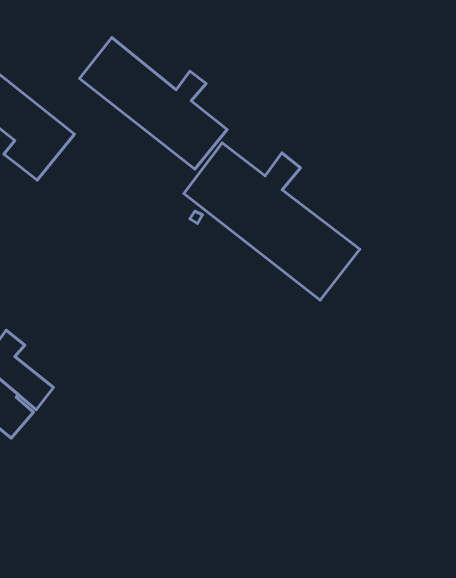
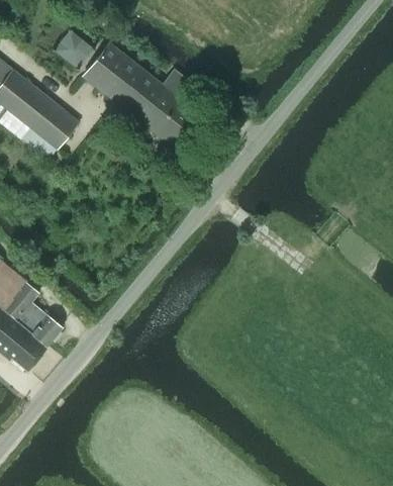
building: none -> [53,28,93,68]
building: [184,143,360,300] -> none

